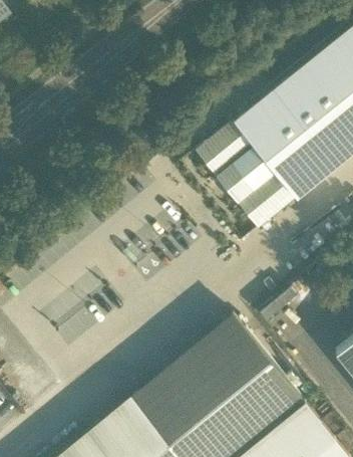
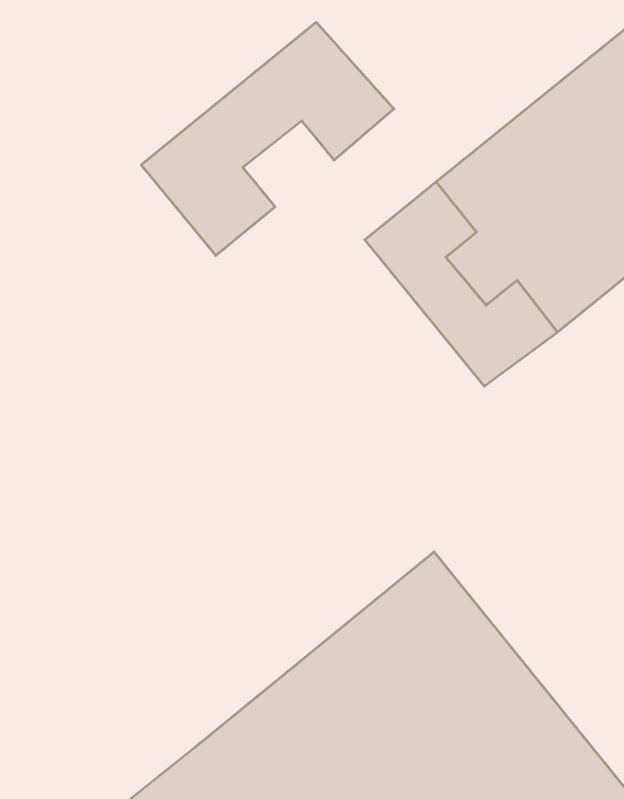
building: none -> [141,22,394,256]

